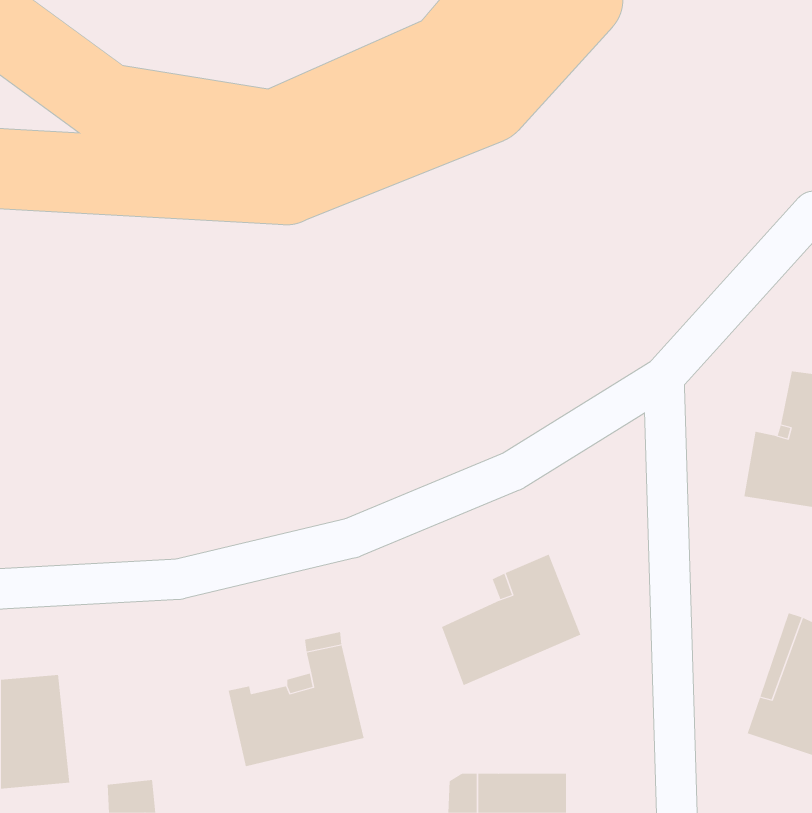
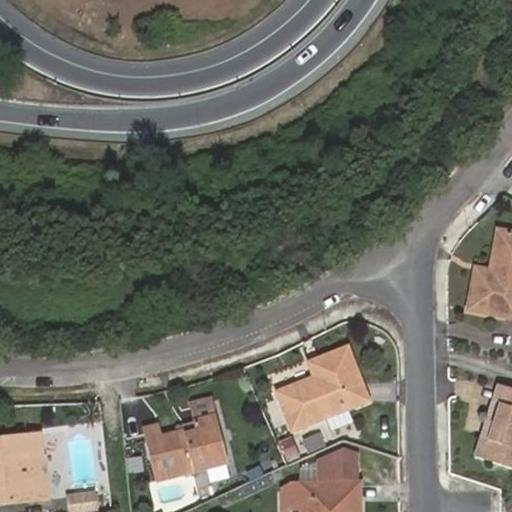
building: none -> [313,452,357,486]

